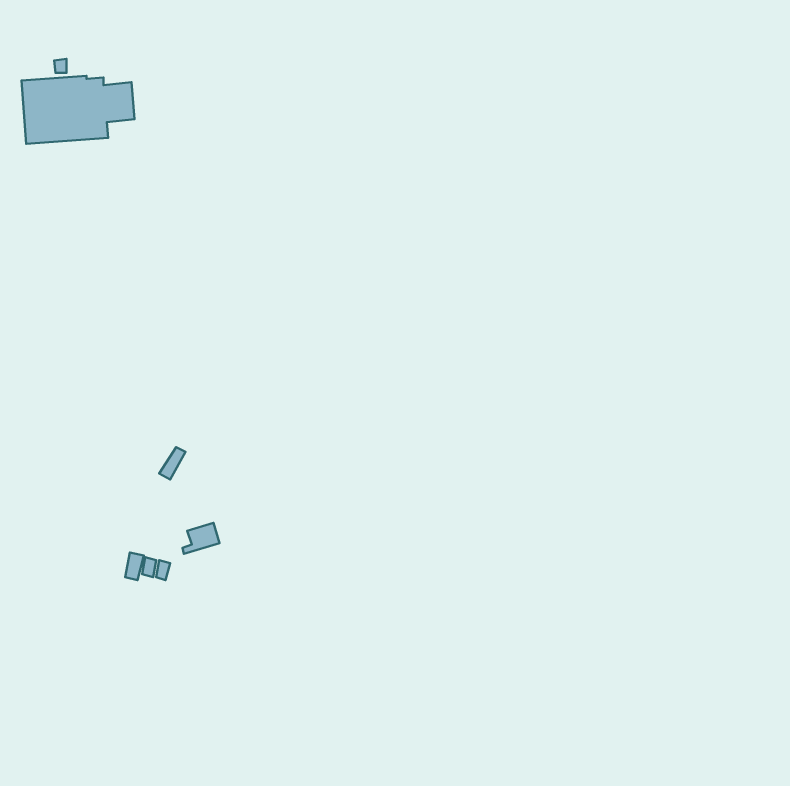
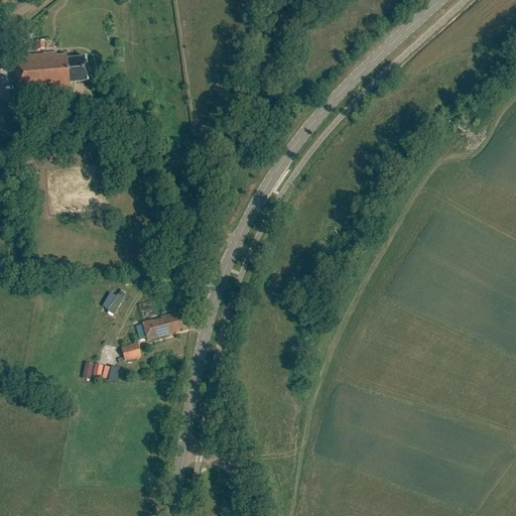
building: none -> [143,310,182,338]

